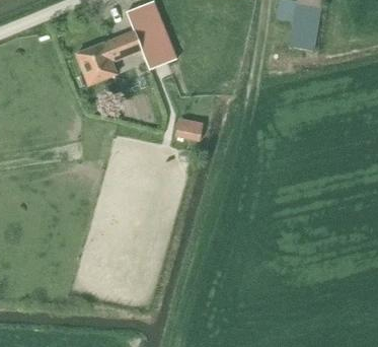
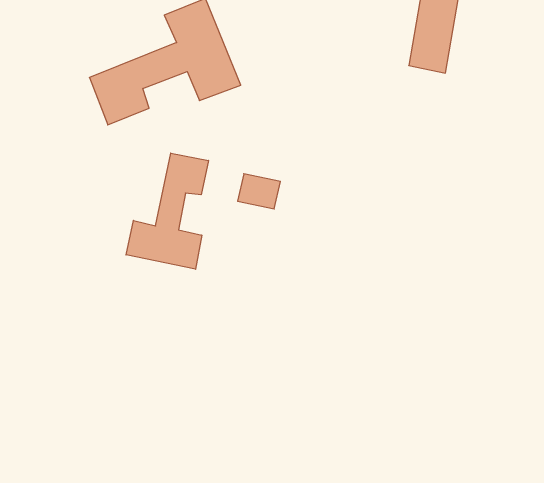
building: none -> [126,153,208,269]

